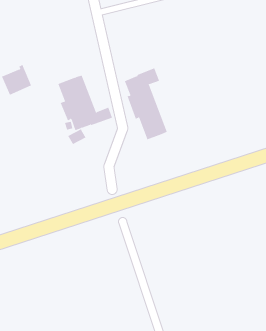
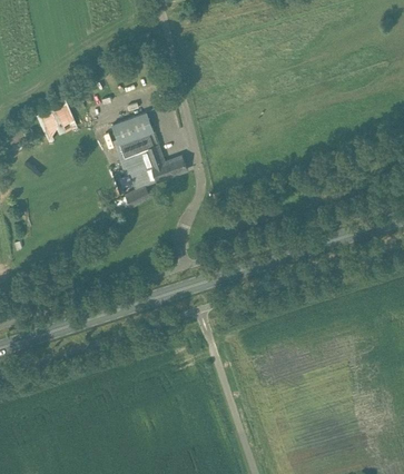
building: [124,67,167,140] -> none

